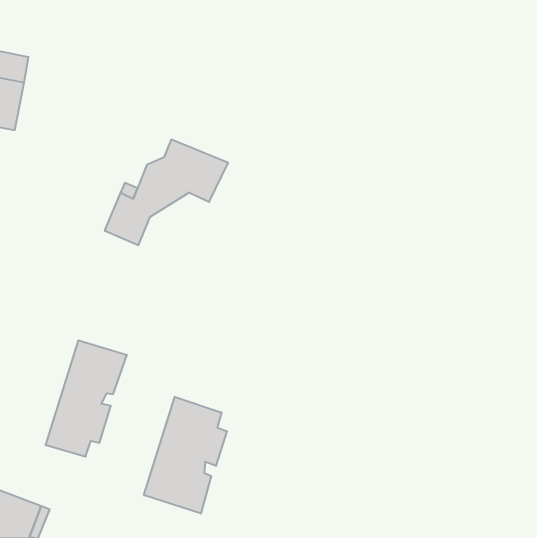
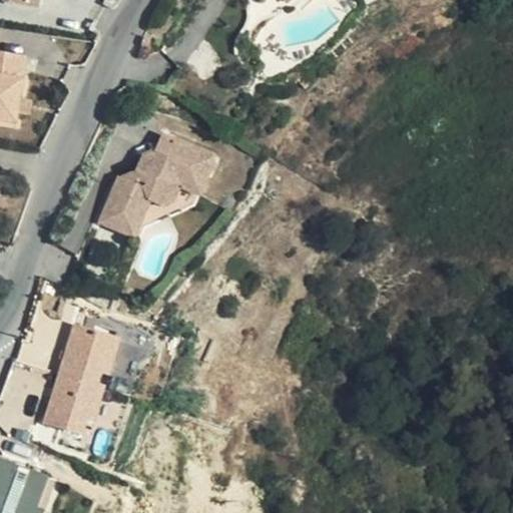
building: none -> [131,182,198,235]
building: [144,397,227,514] -> none

